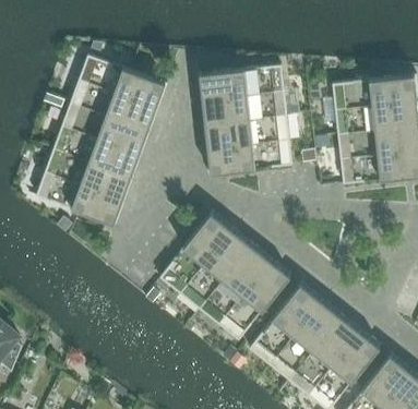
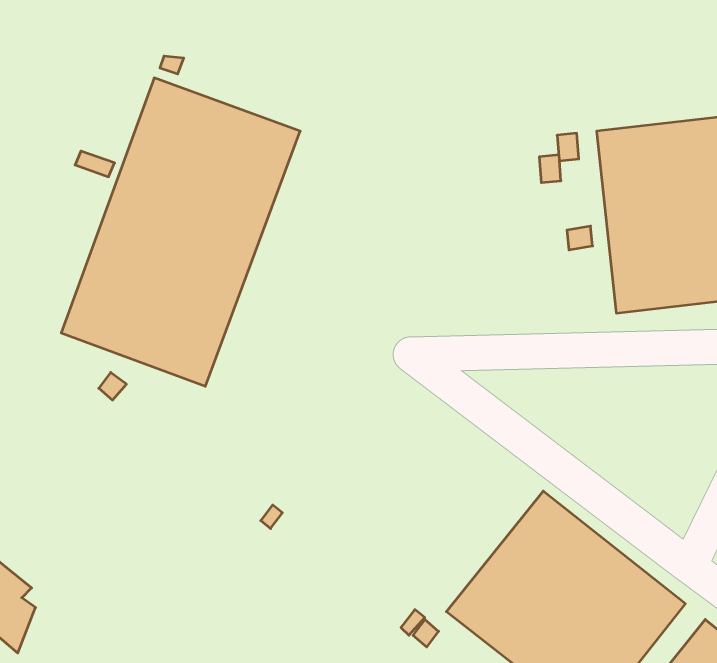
building: [198,65,292,176] -> none
building: [159,212,291,341] -> none

